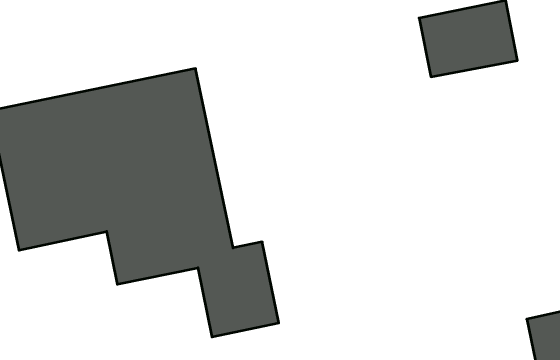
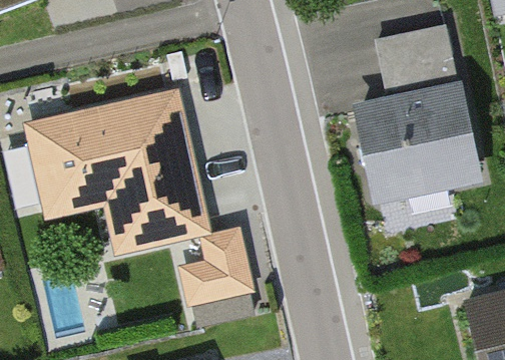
building: none -> [348,88,479,209]

